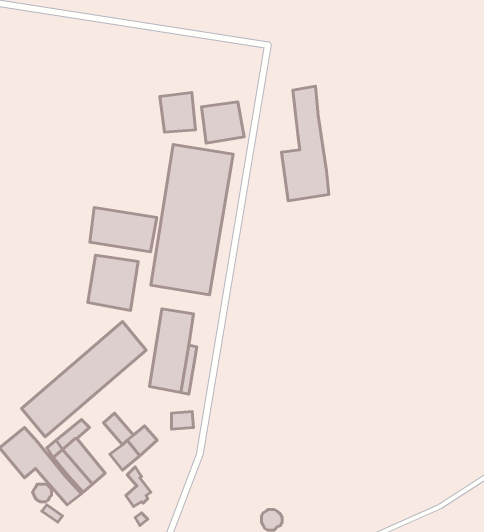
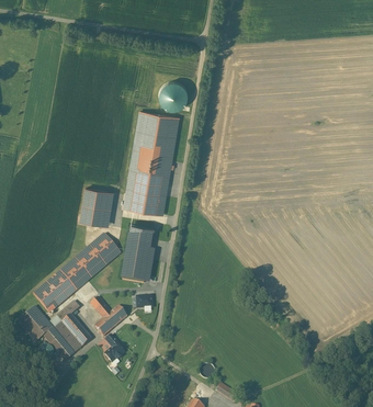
building: [282,86,329,201] -> none
building: [160,92,196,132] -> none
building: [90,207,157,252] -> none

